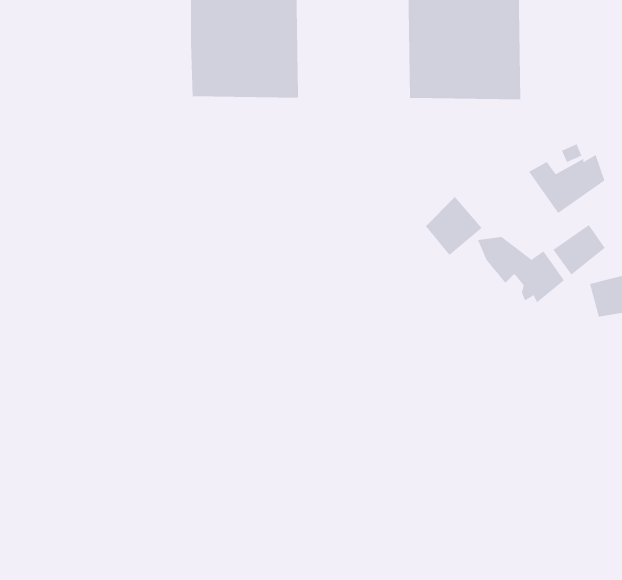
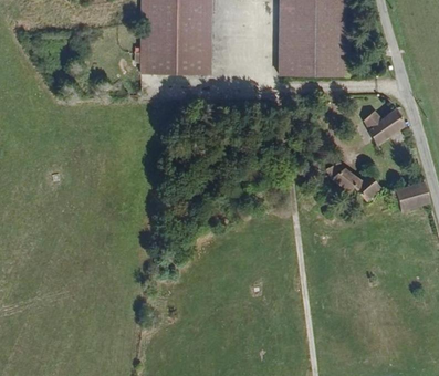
building: [425,196,483,256] -> none
building: [553,224,605,276] -> none

